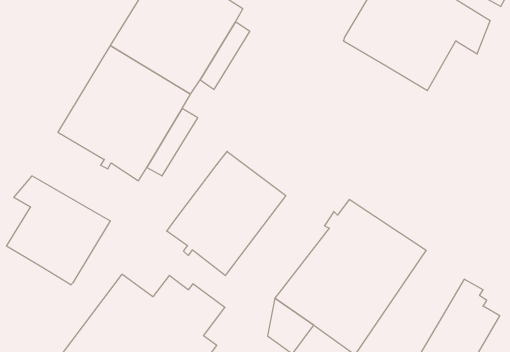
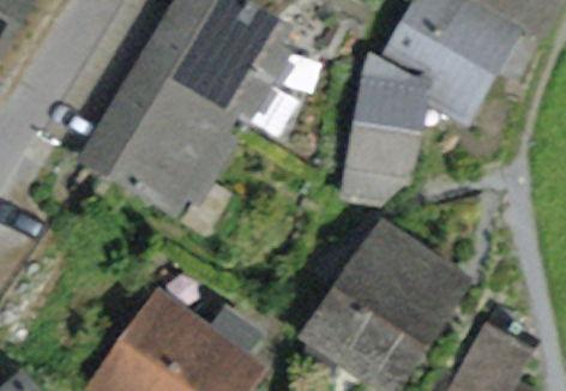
building: none -> [344,56,421,201]
building: [167,151,286,276] -> none
building: [6,176,110,285] -> none

